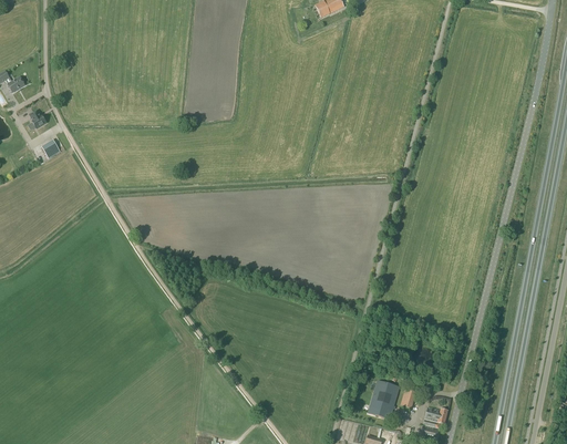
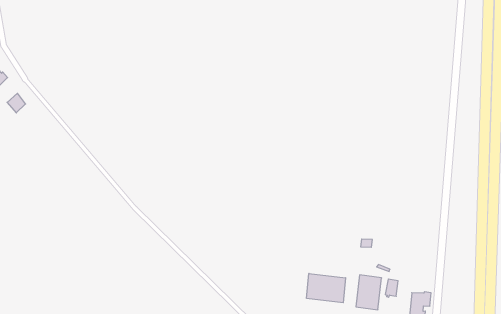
building: none -> [307,273,346,303]

